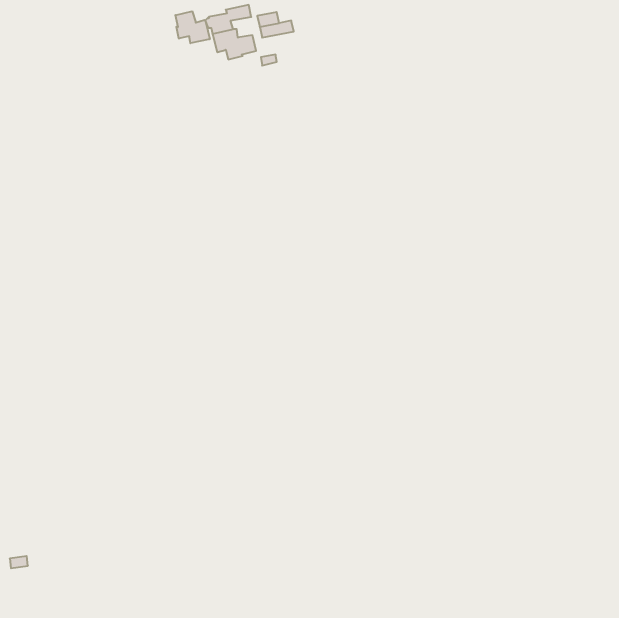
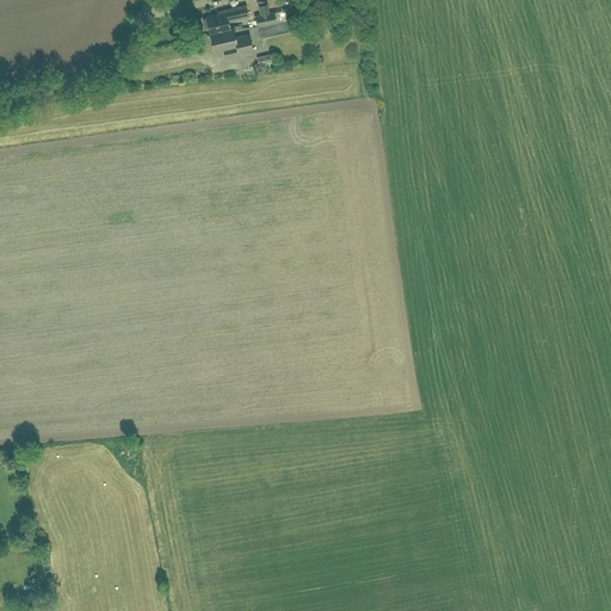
building: [175,11,210,43] -> none

